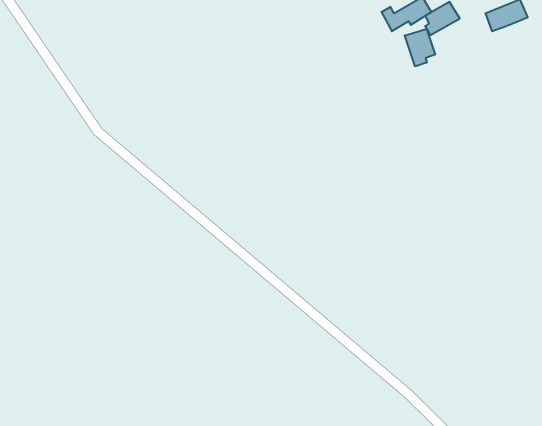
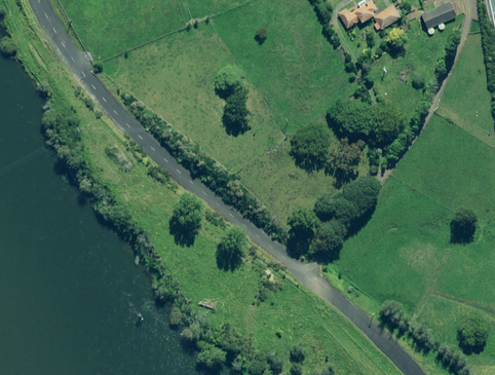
building: [405,29,435,66] -> none

